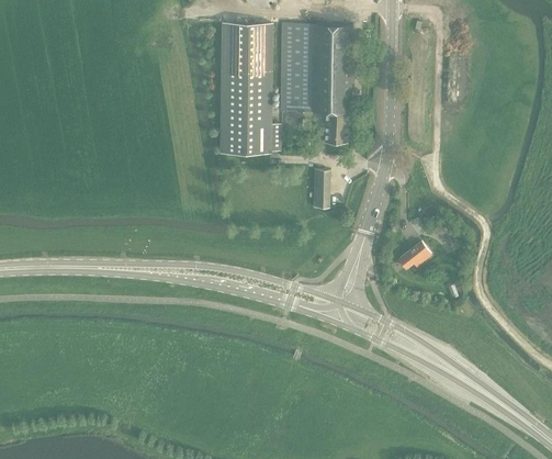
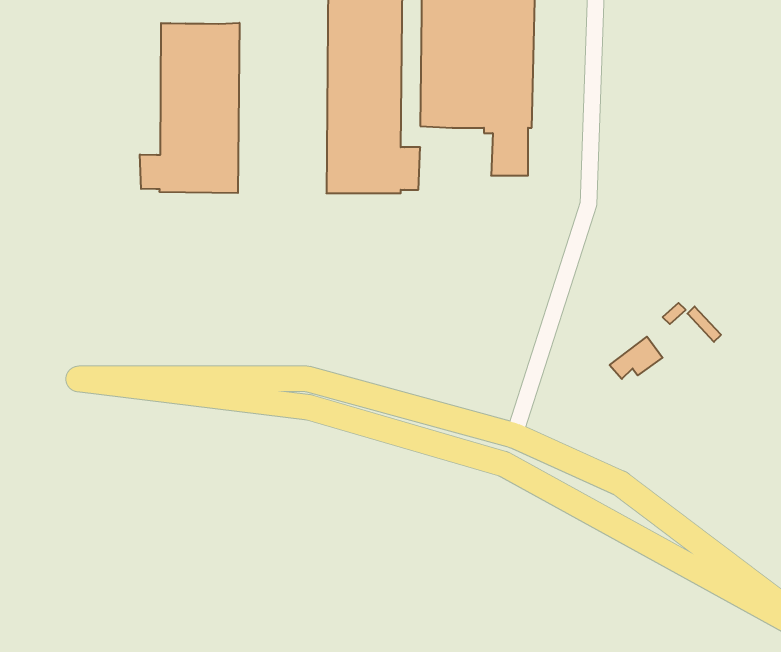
building: none -> [140,23,239,193]
building: [312,170,329,209] -> none

